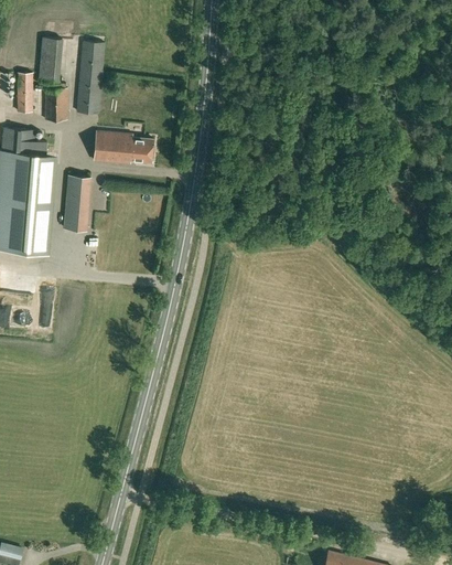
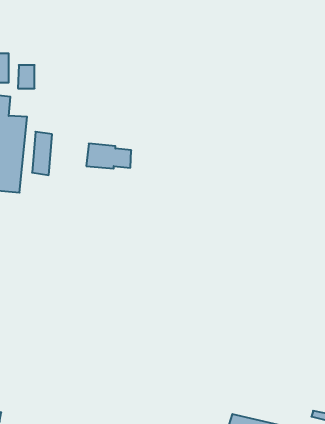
building: [39,36,63,84] -> none
building: [77,40,105,113] -> none
building: [94,130,153,163] -> [86,144,131,169]

